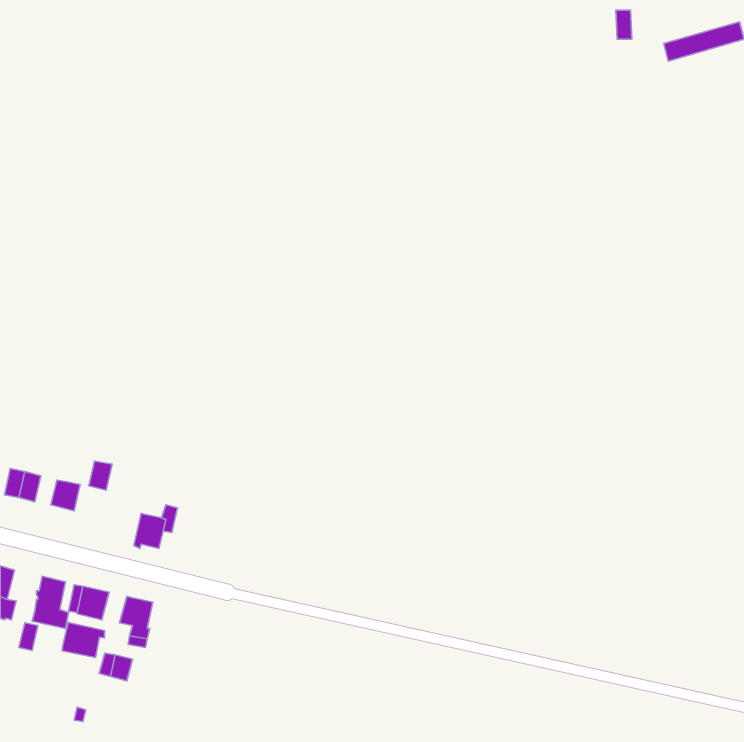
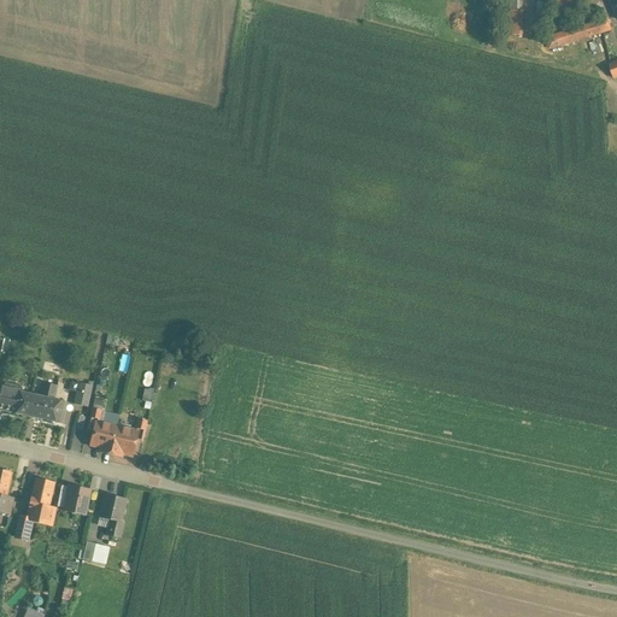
building: none -> [29,382,57,418]
building: none -> [90,421,117,452]
building: [62,622,105,657] -> none

